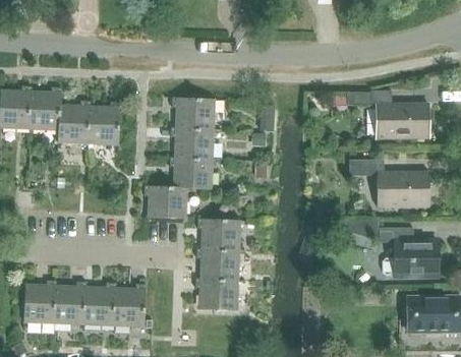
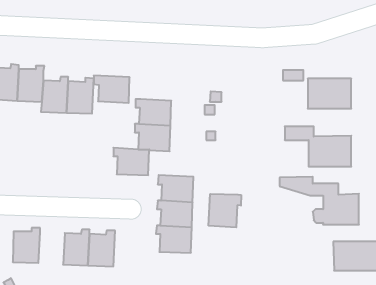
building: [172,97,215,129] -> [94,76,130,103]
building: none -> [209,194,241,227]
building: [55,282,87,324] -> none

